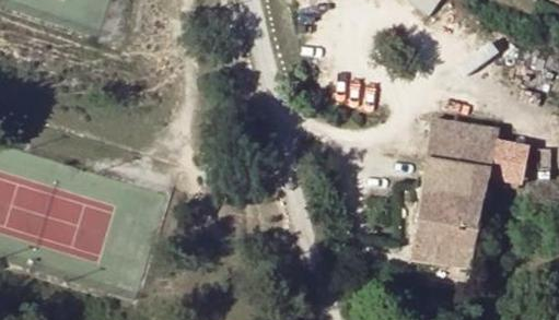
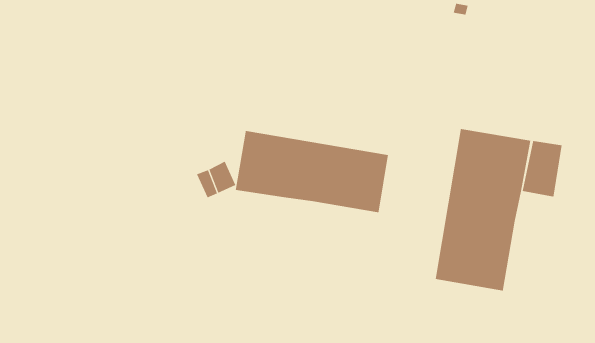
building: none -> [235,130,388,213]

